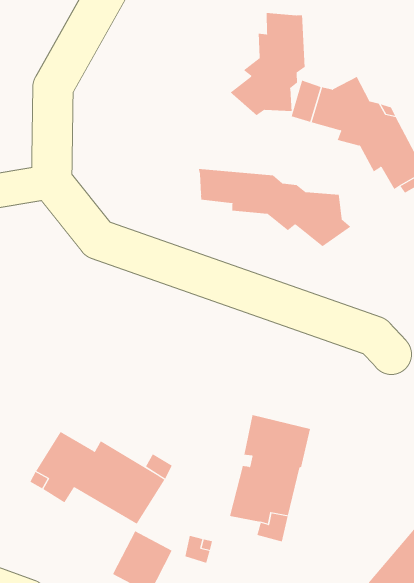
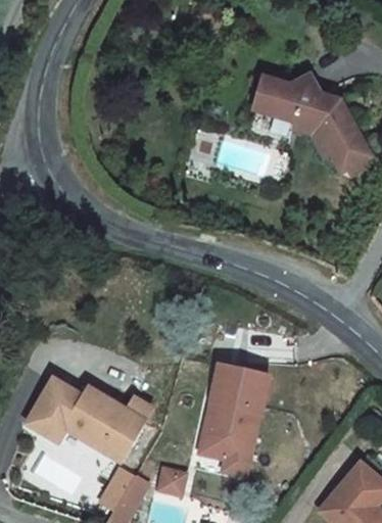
building: [230,12,305,116] -> none
building: [198,168,352,247] -> none

